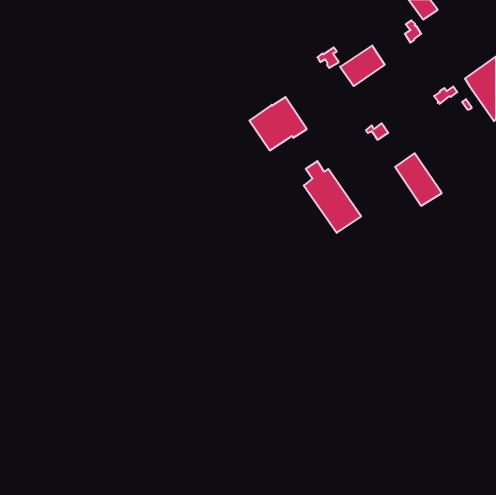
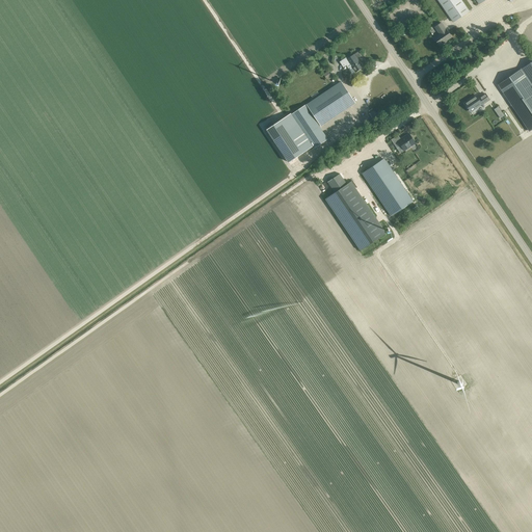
building: [340,45,385,86] -> [307,81,354,125]
building: [395,153,442,206] -> [363,158,413,214]

